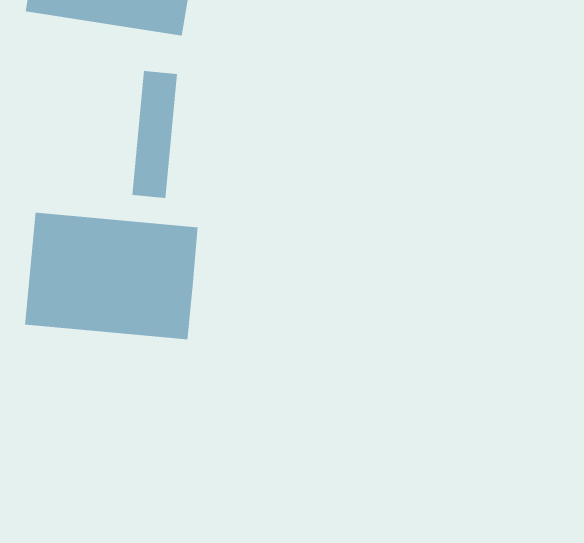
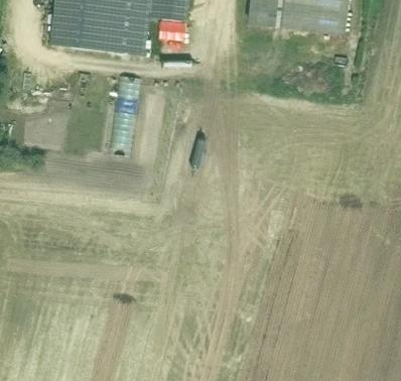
building: [25,212,198,340] -> none

